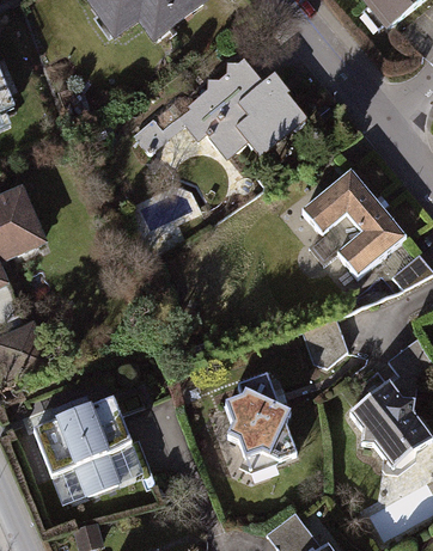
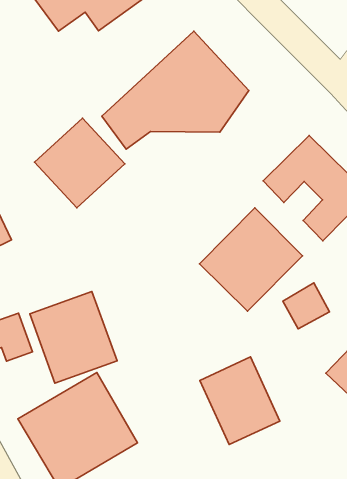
building: none -> [35,118,125,208]
building: none -> [199,208,303,311]
building: none -> [30,292,117,383]

